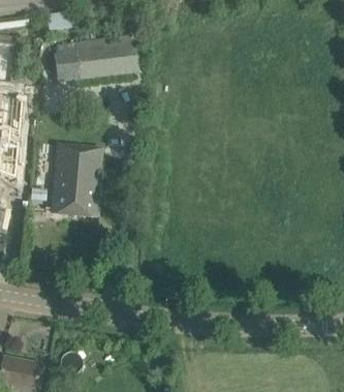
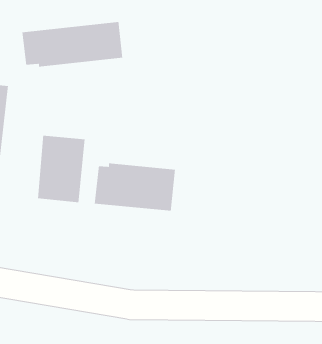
building: none -> [94,162,176,211]

